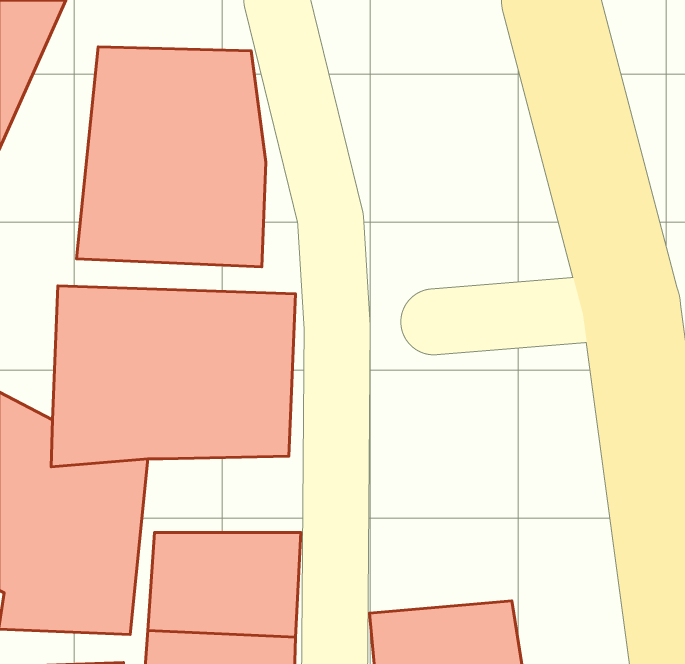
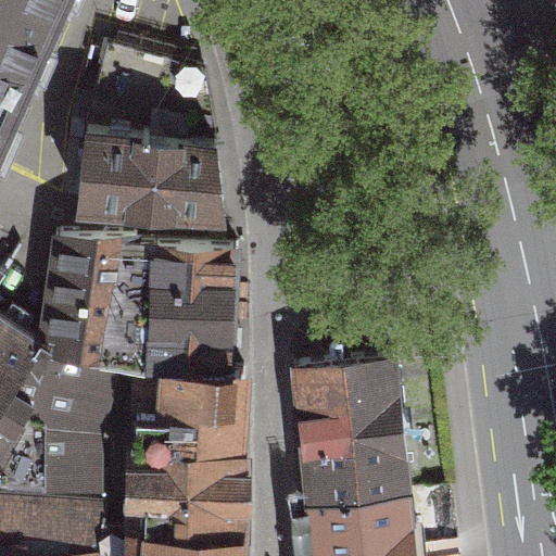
building: none -> [286,370,414,514]
building: none -> [125,387,247,448]

